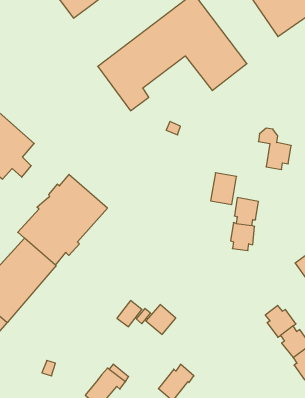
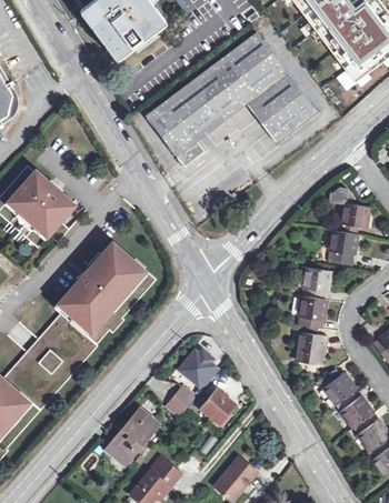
building: [211,173,237,205] -> [327,230,357,266]
building: none -> [295,332,326,364]
building: none -> [179,348,218,388]
building: none -> [321,368,356,404]
building: none -> [106,409,159,462]

